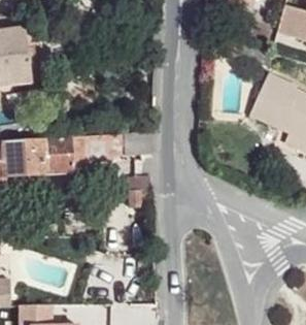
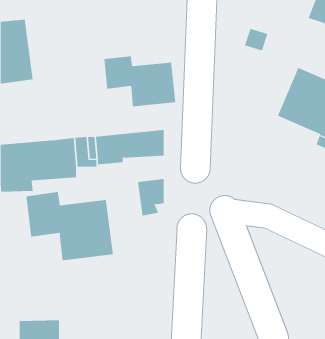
building: none -> [104,55,176,107]
building: none -> [26,191,113,261]

